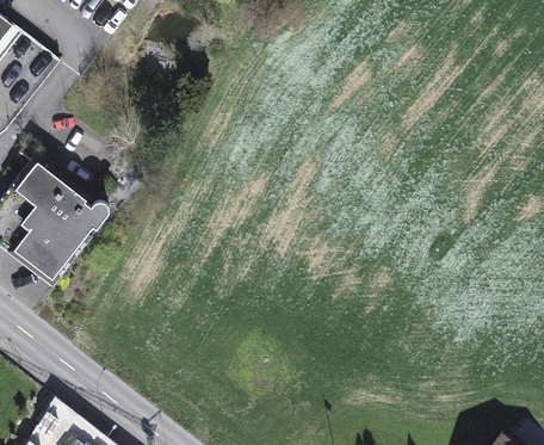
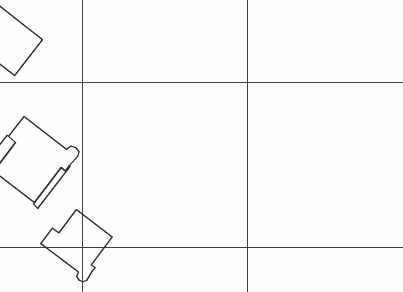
building: none -> [41,210,112,282]

